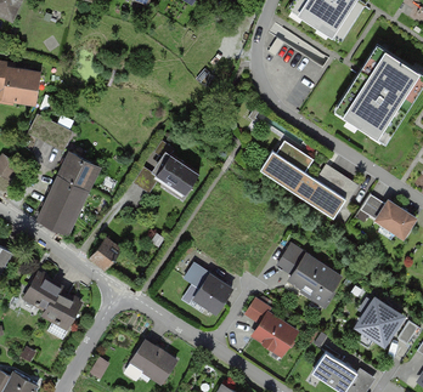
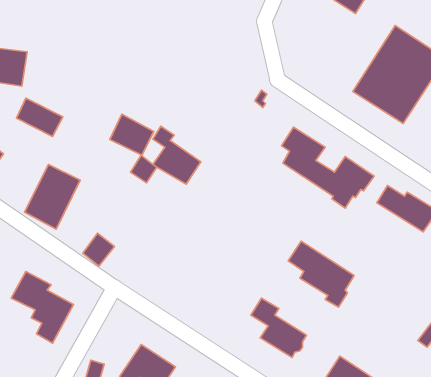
building: [58,153,98,191] -> [110,114,154,155]
building: [185,266,231,313] -> none
building: [356,301,400,348] -> none

